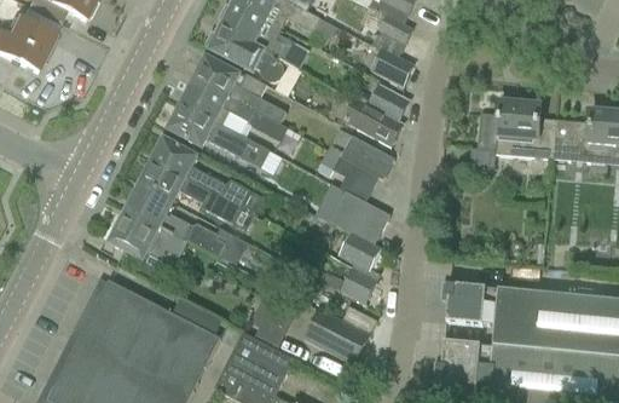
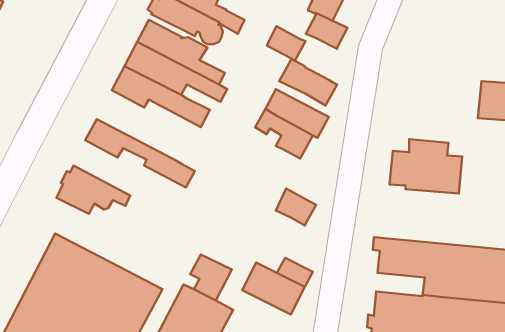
building: [369,84,409,120] -> [267,26,305,61]
building: [478,100,554,157] -> [389,139,462,194]
building: [151,137,250,206] -> none
building: [126,180,225,255] -> none
building: [330,190,389,244] -> none
building: [328,267,376,301] -> none

